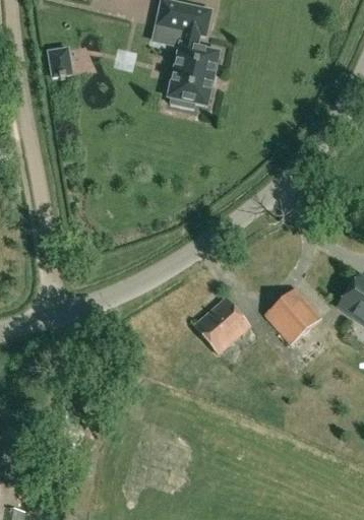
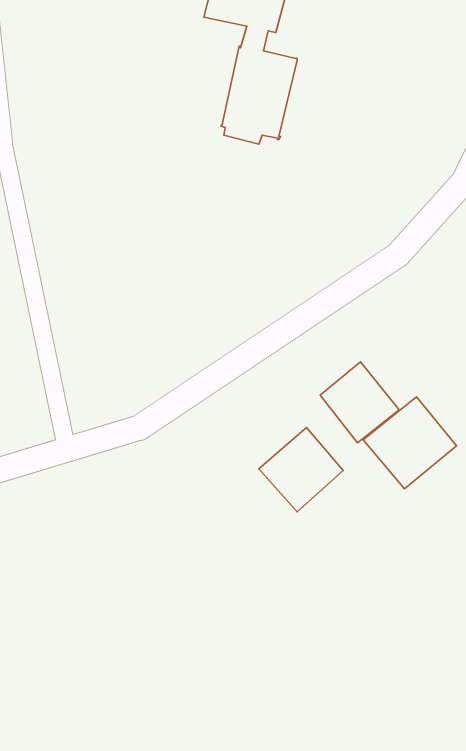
building: [48,49,72,80] -> none
building: none -> [320,362,399,443]

